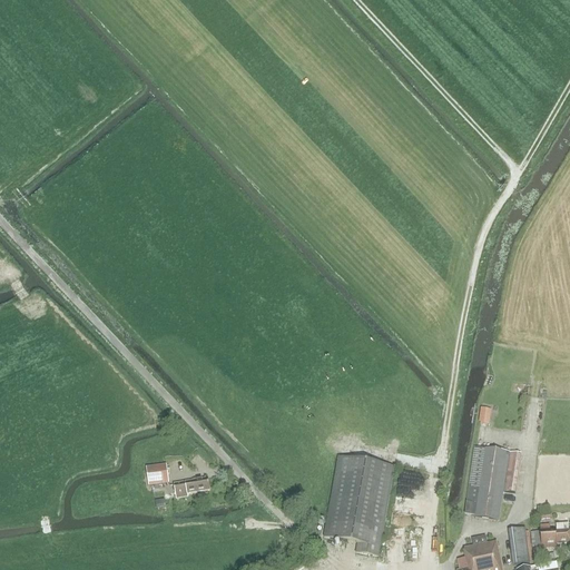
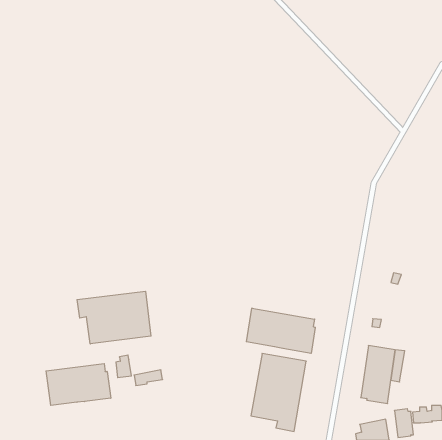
building: none -> [77,291,151,344]
building: none -> [246,308,315,353]
building: none -> [46,364,111,405]

